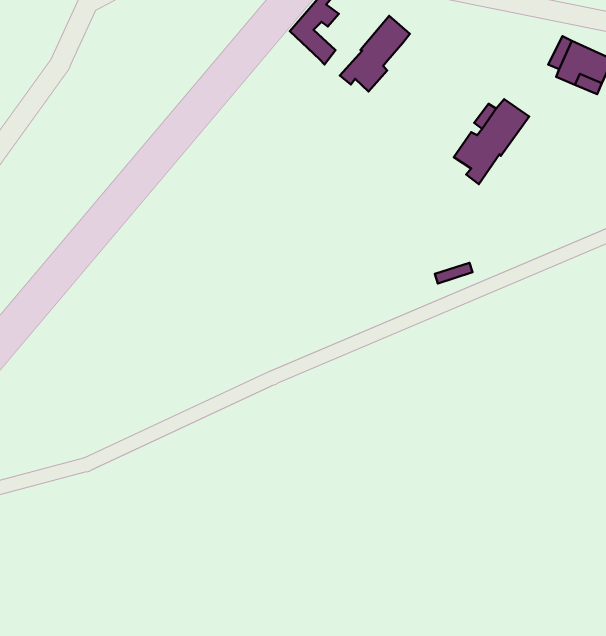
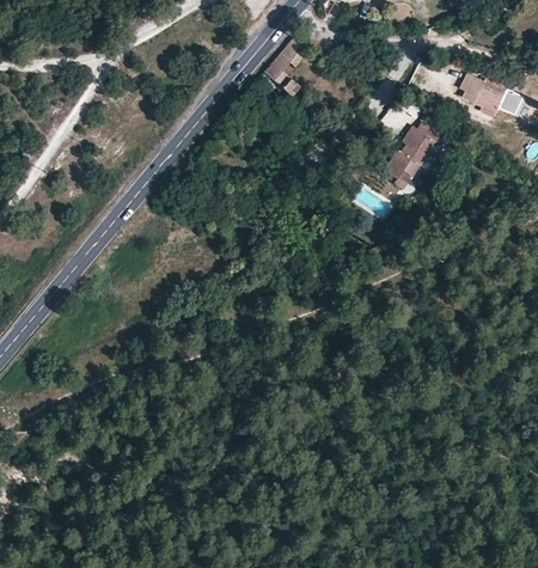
building: [340,16,410,92] -> none

